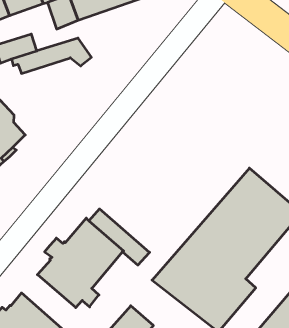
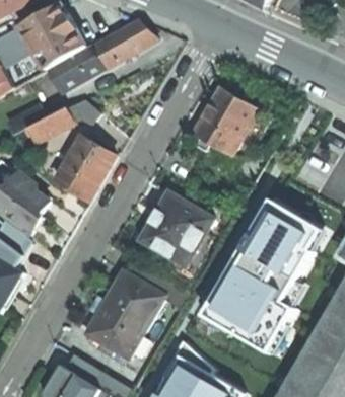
building: none -> [193,87,258,155]
building: none -> [56,137,115,200]
building: none -> [141,193,211,263]

